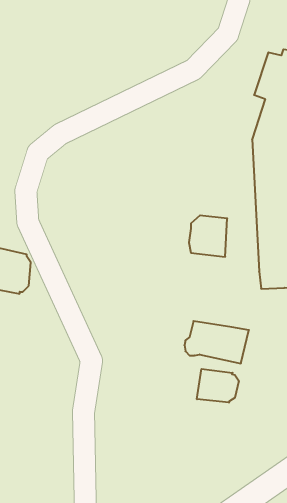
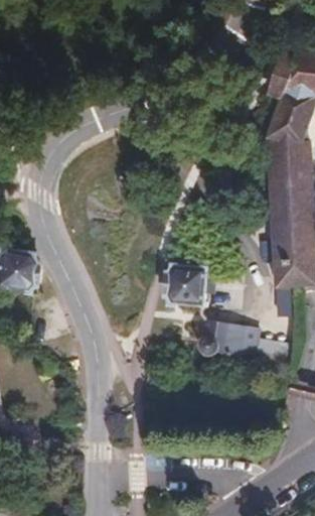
building: [189,215,227,257] -> [167,265,205,306]
building: [197,369,239,403] -> none

